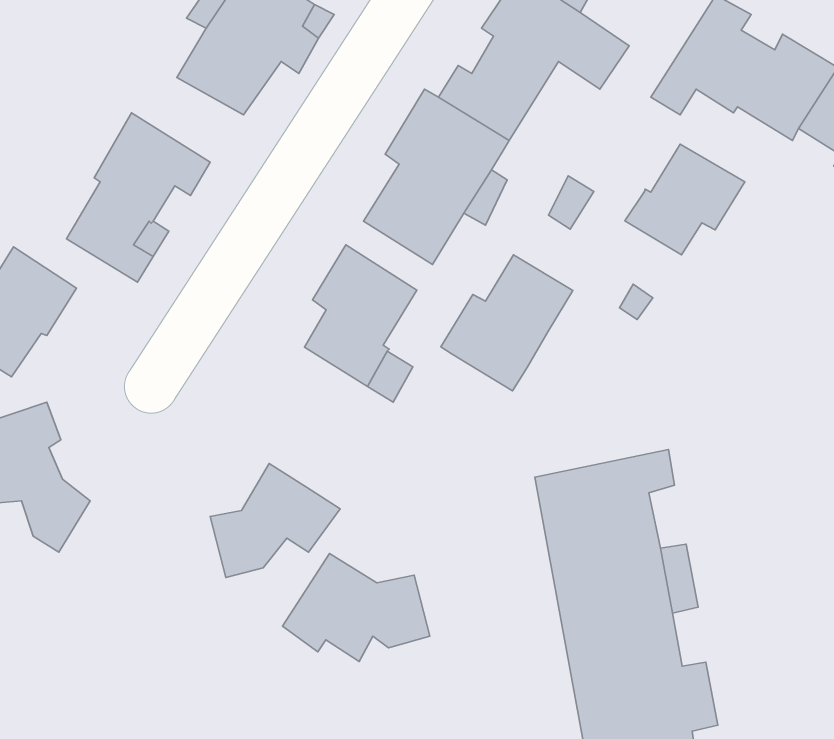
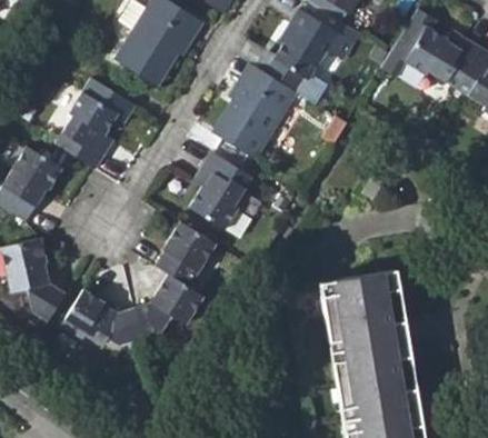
building: [625,144,745,255] -> none
building: [441,255,573,391] -> none
building: none -> [152,218,216,287]
building: [282,553,430,662] -> [60,291,143,352]

